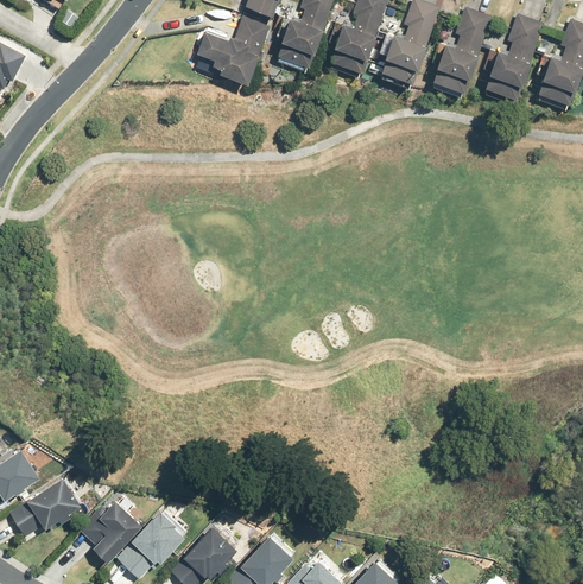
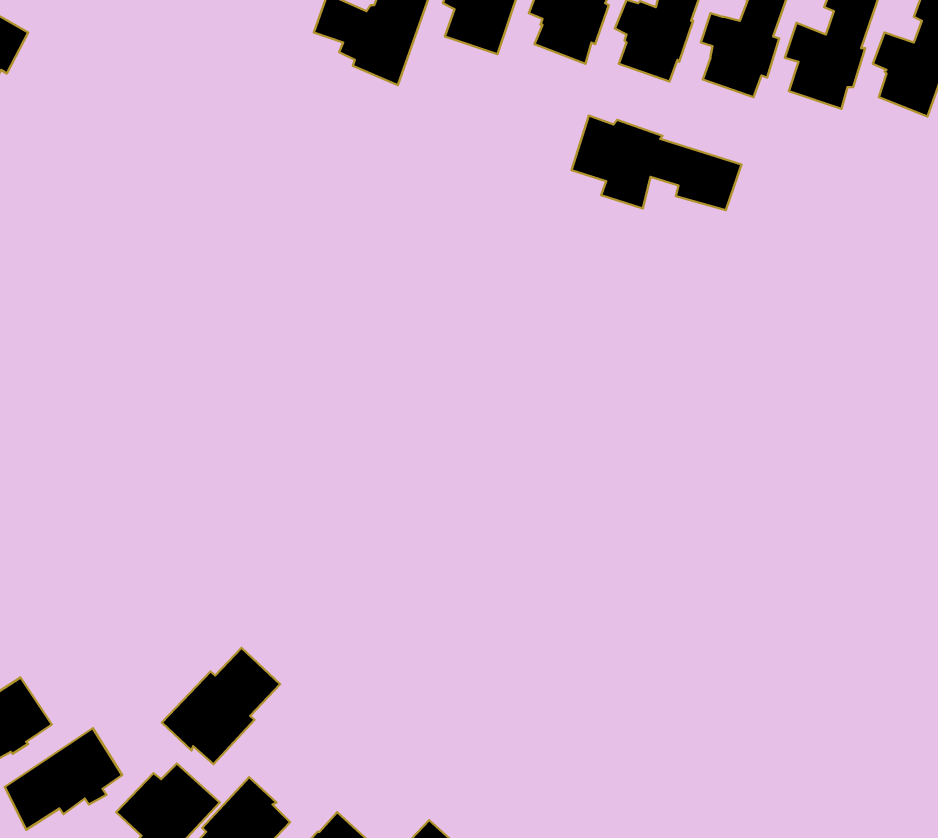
building: none -> [572,115,742,210]
building: none -> [162,648,280,764]

